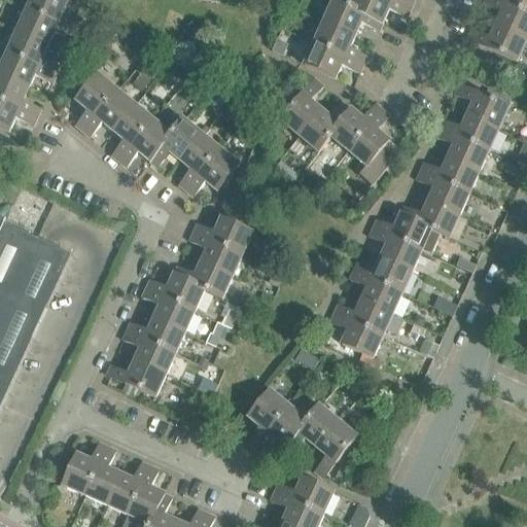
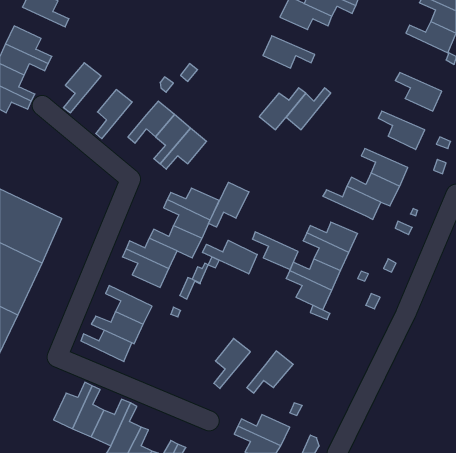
building: [16,8,75,44] -> none
building: [313,20,366,63] -> none
building: [279,76,322,134] -> none
building: [81,87,134,136] -> none
building: [343,107,391,201] -> none
building: [440,113,498,149] -> none
building: [117,117,169,166] -> none
building: [420,156,479,192] -> none
building: none -> [209,182,249,227]
building: [368,225,421,269] -> [252,232,298,270]
building: none -> [203,240,257,274]
building: [126,316,184,352] -> [81,330,132,362]
building: [253,405,306,453] -> none
building: [314,419,356,477] -> none

